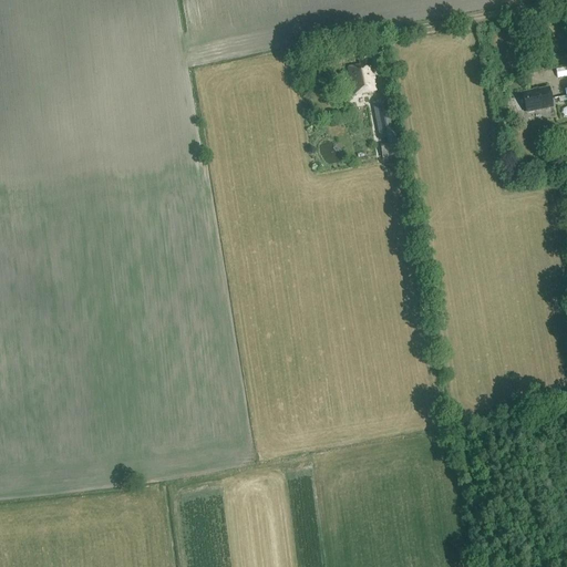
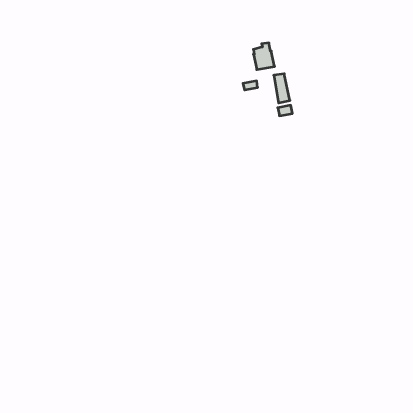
building: [522,90,550,112] -> none

